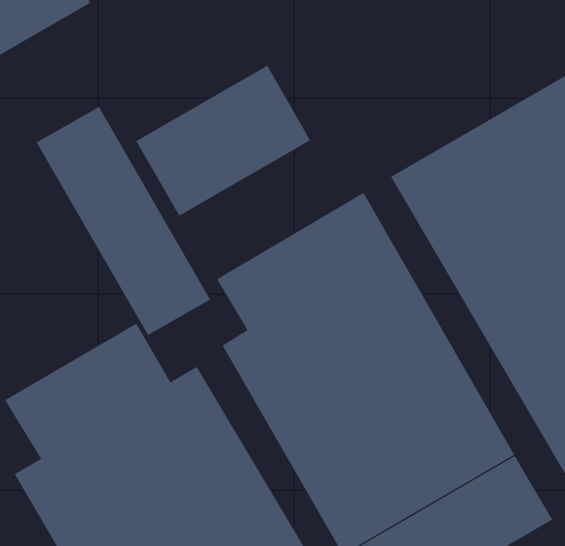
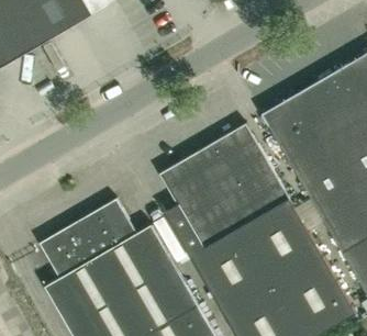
building: [136,65,311,217] -> none
building: [36,106,211,336] -> none

